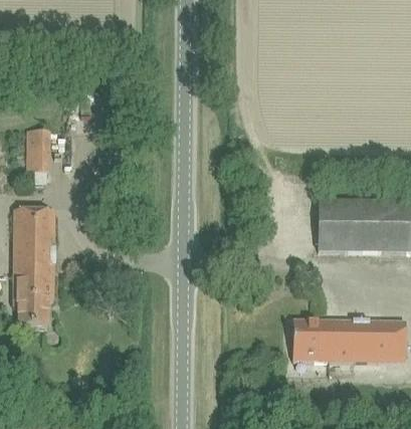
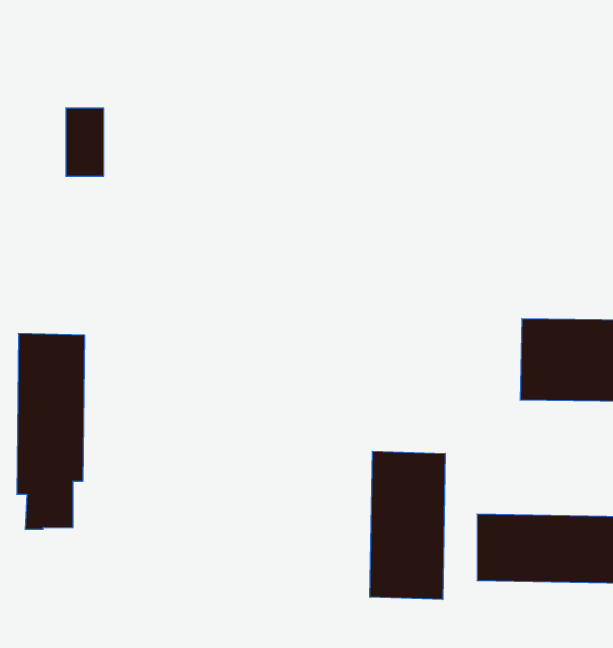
building: [26,131,49,172] -> [66,108,104,176]
building: none -> [370,451,445,600]

